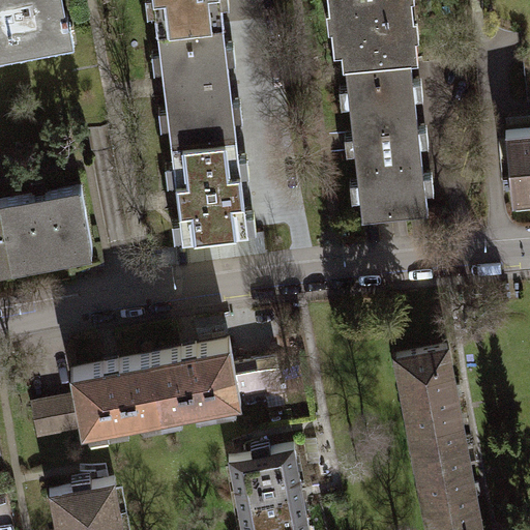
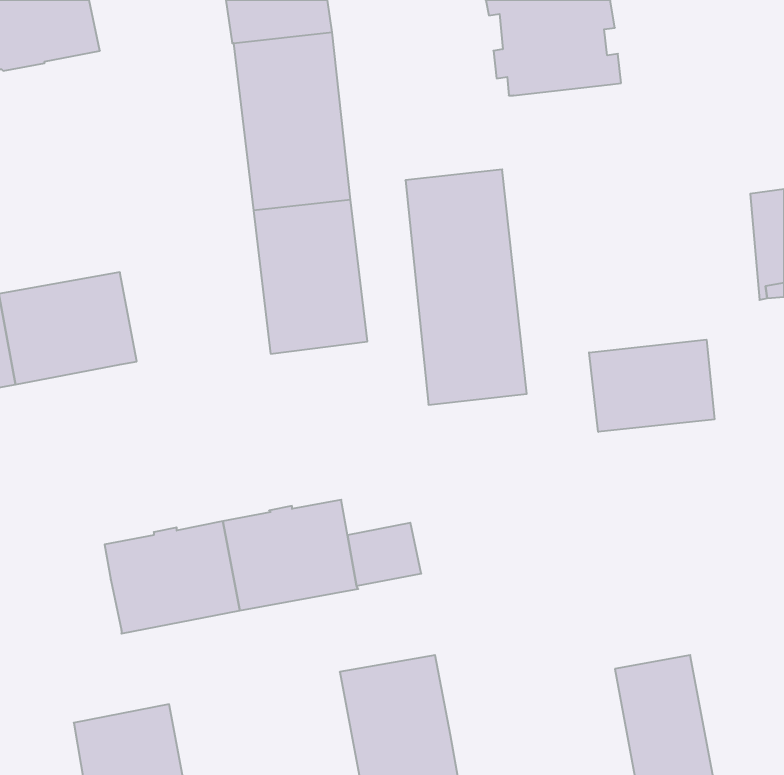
building: [346,64,428,223] -> [405,169,527,405]
building: none -> [589,340,714,432]
building: [395,349,465,458] -> none
building: [32,398,82,440] -> none

